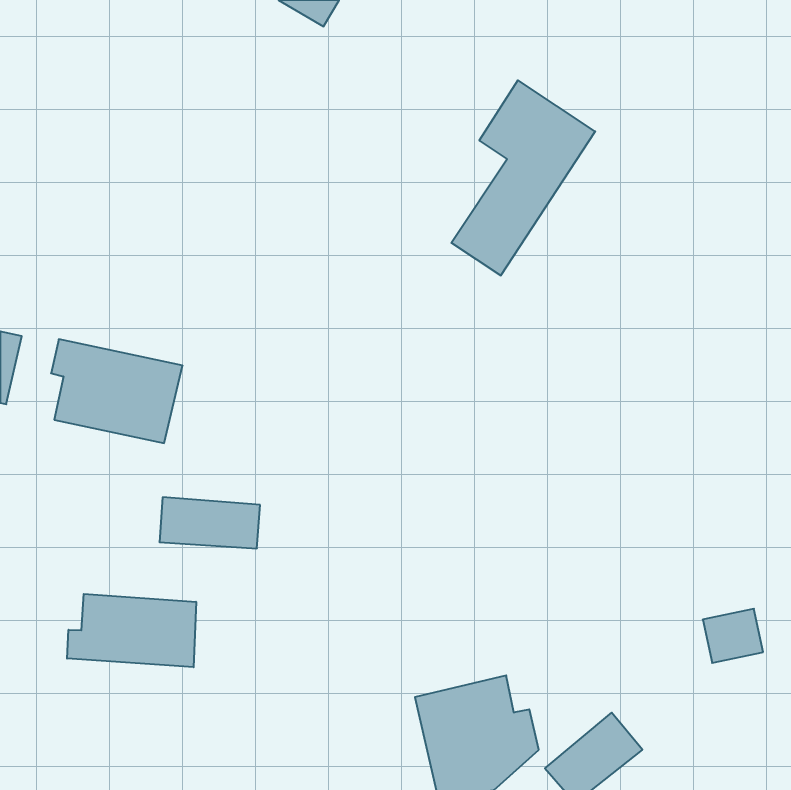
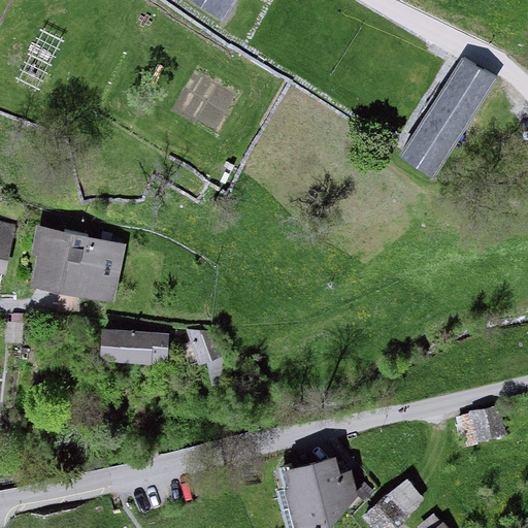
building: [451,80,595,275] -> [396,50,492,179]
building: [67,594,196,667] -> none

